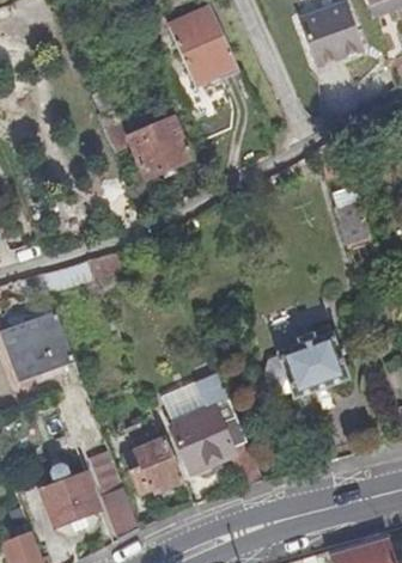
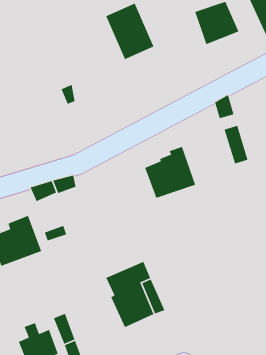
building: [126,118,185,178] -> none
building: [275,322,349,397] -> [144,146,196,199]
building: [122,426,184,494] -> none

